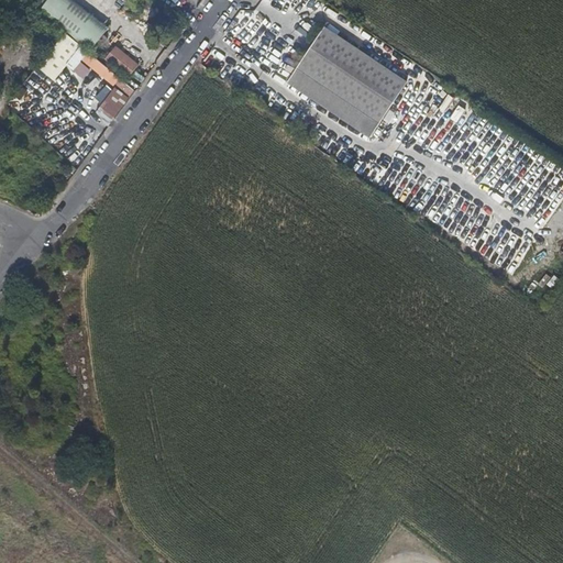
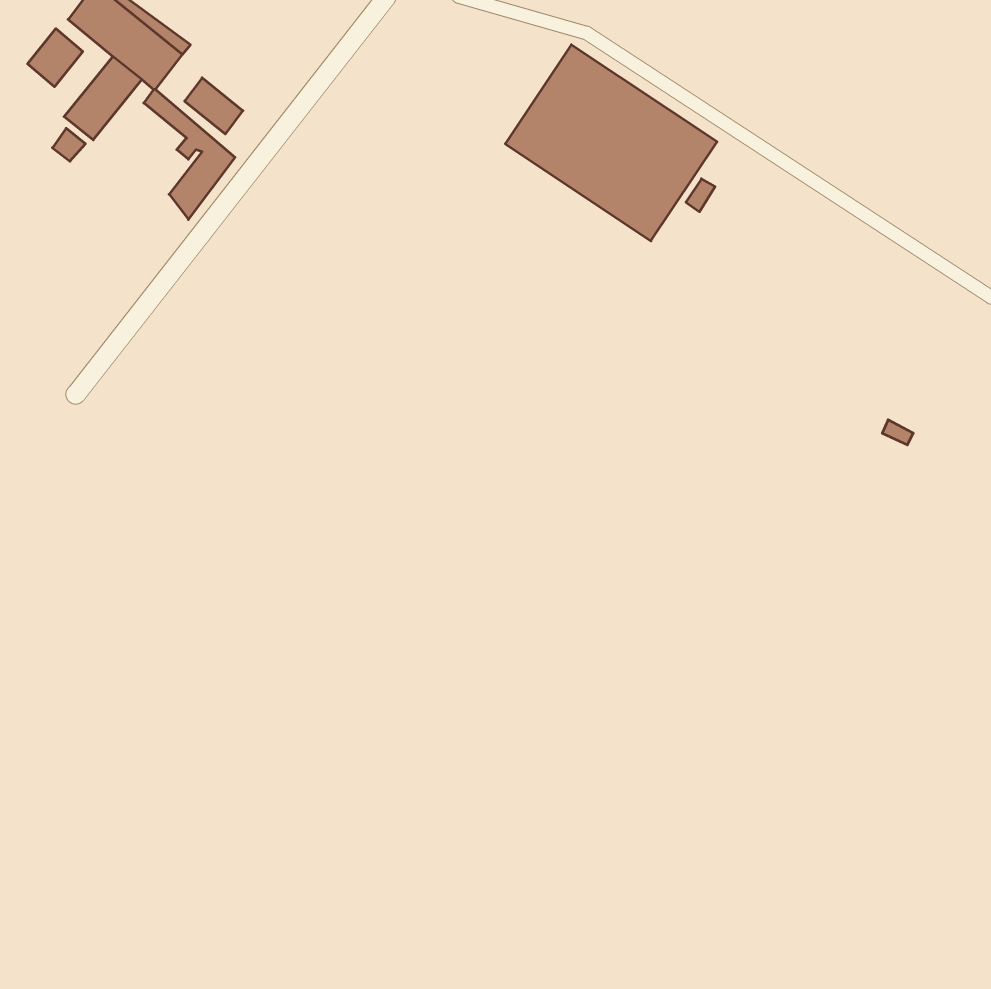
building: none -> [28,29,83,87]

